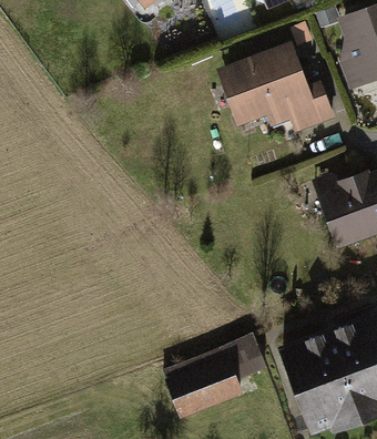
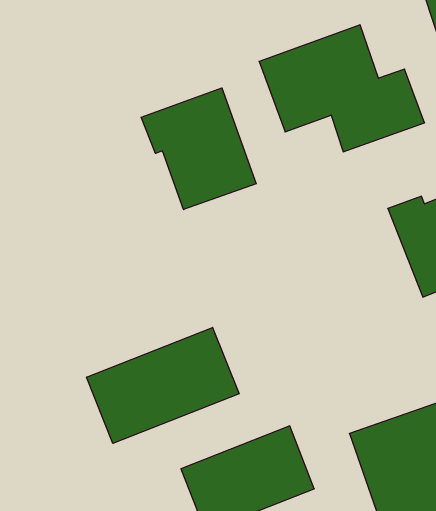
building: none -> [141,88,256,210]
building: none -> [87,327,239,443]

